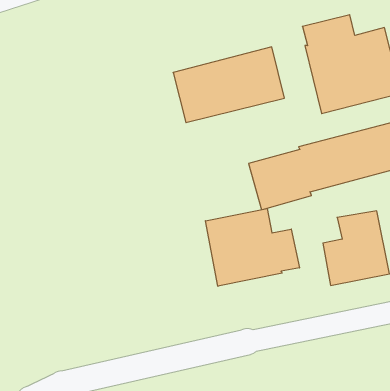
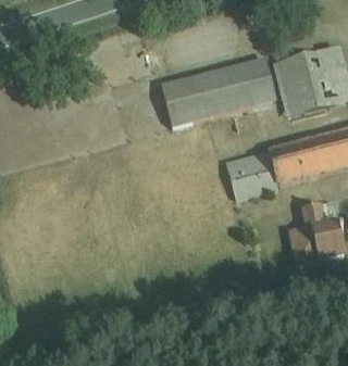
building: none -> [245,58,276,106]
building: [205,209,299,286] -> none

